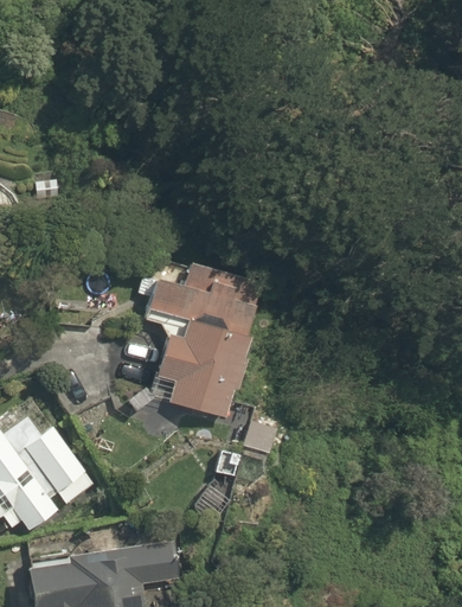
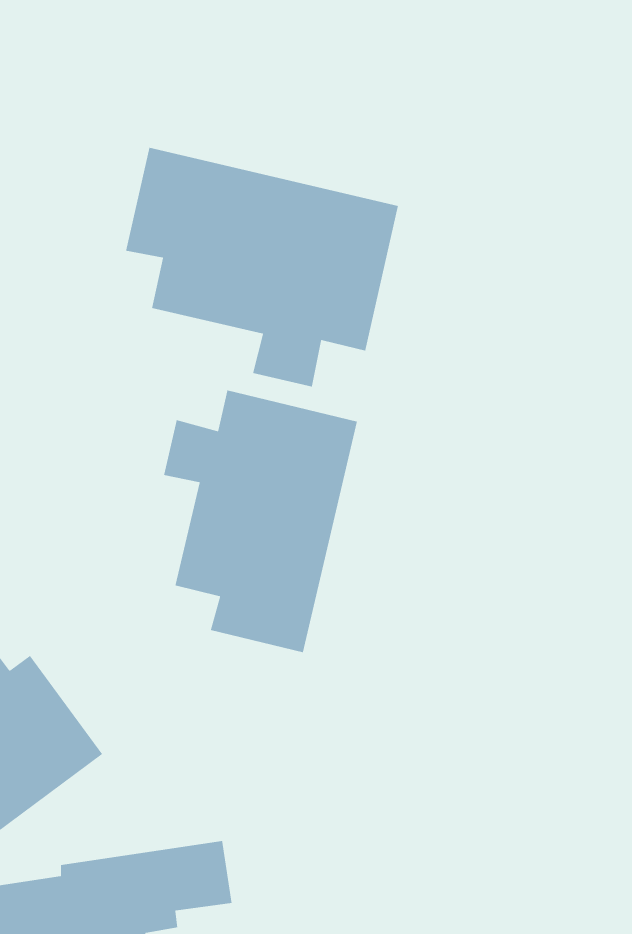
building: none -> [125,147,399,388]

